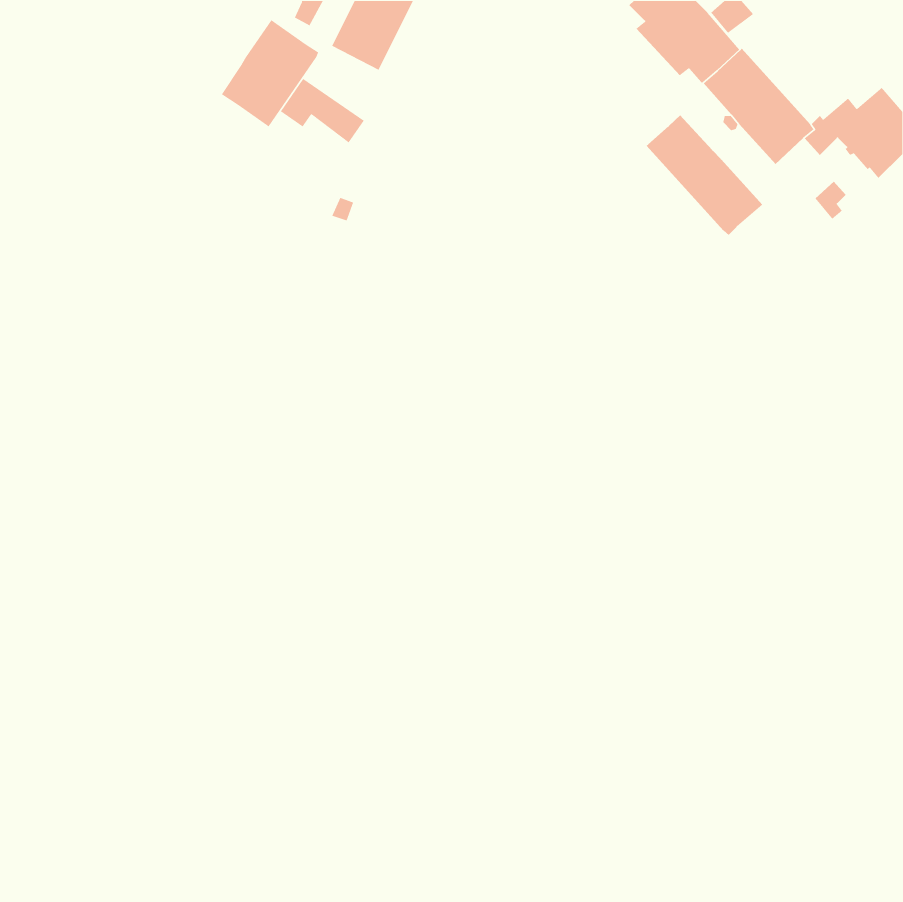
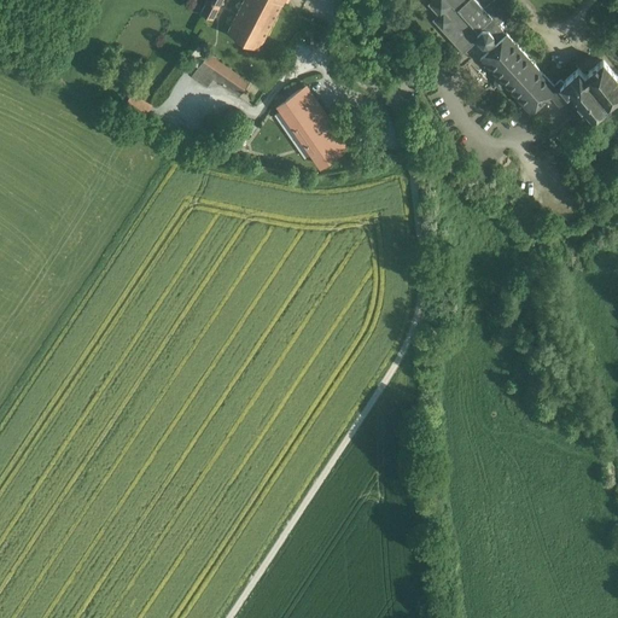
building: [221,19,319,127] -> none
building: [646,114,763,236] -> none
building: none -> [276,88,346,168]

